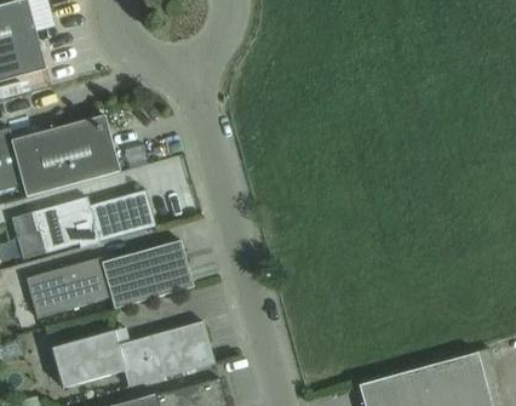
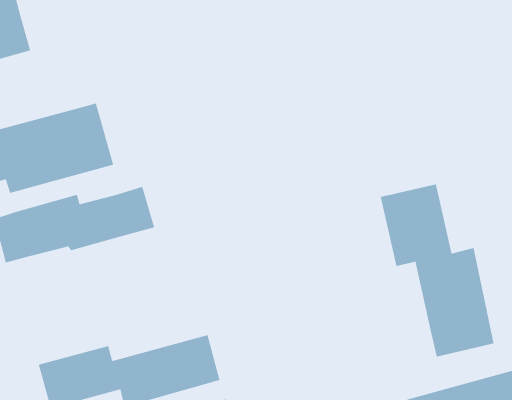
building: none -> [380,184,495,357]
building: [25,240,193,318] -> none

